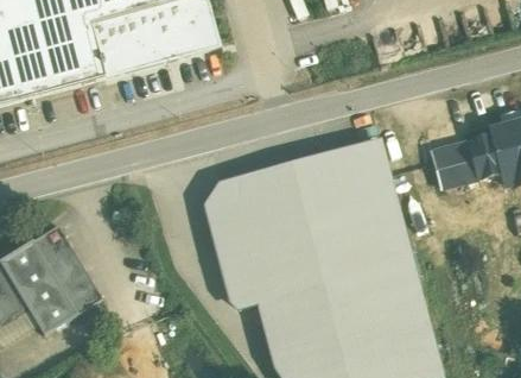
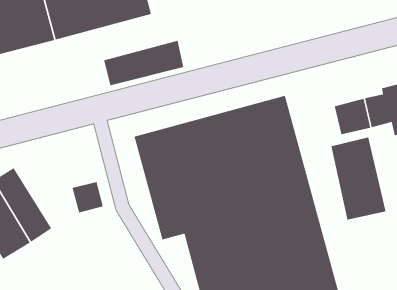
building: none -> [103,40,184,86]
building: none -> [330,136,386,221]
building: none -> [71,181,104,214]

